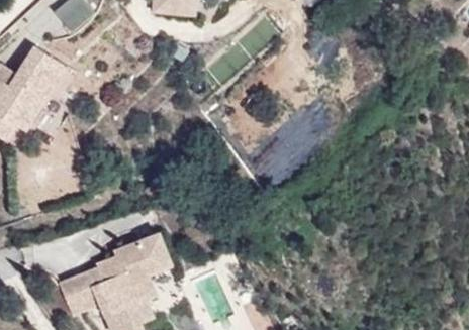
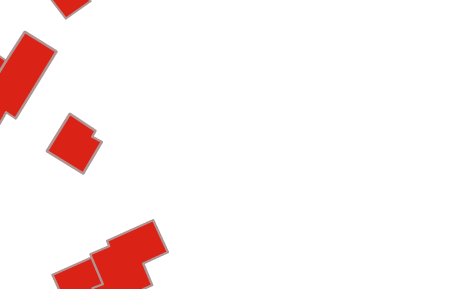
building: none -> [47,114,102,173]

